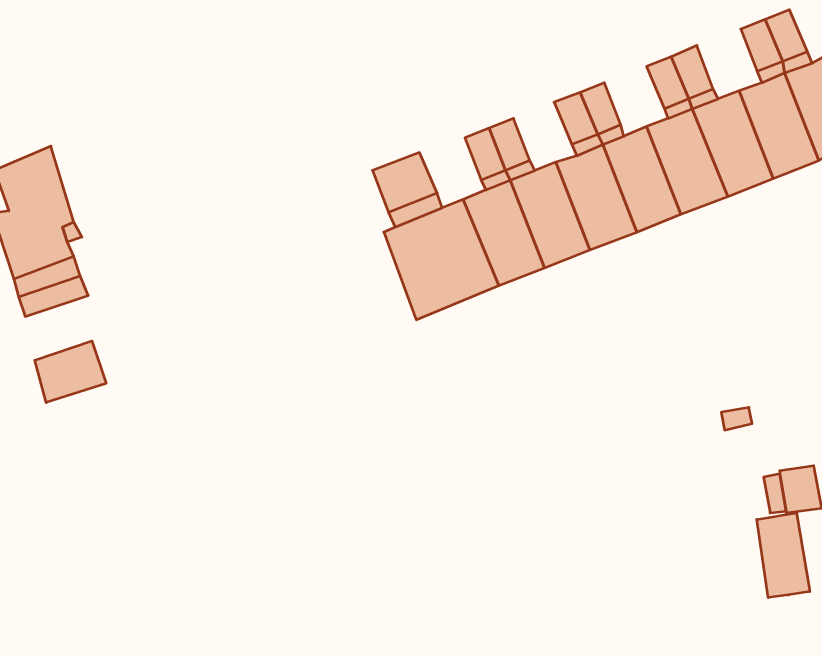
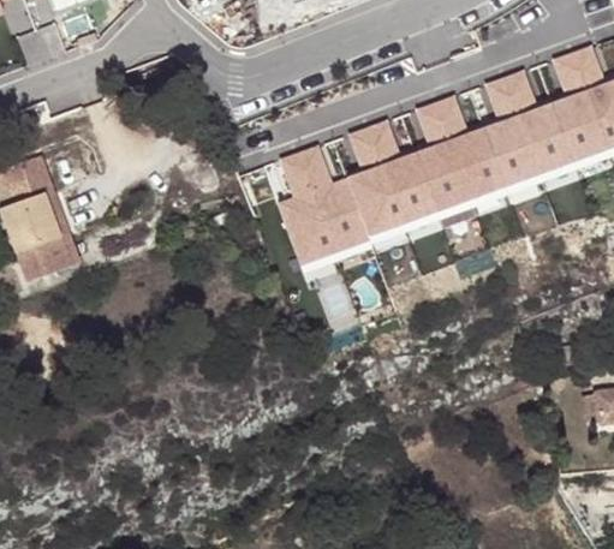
building: [35,341,106,403] -> none
building: [757,513,810,598] -> none

